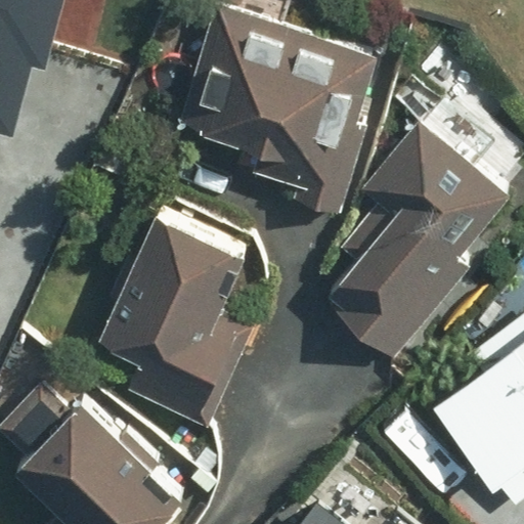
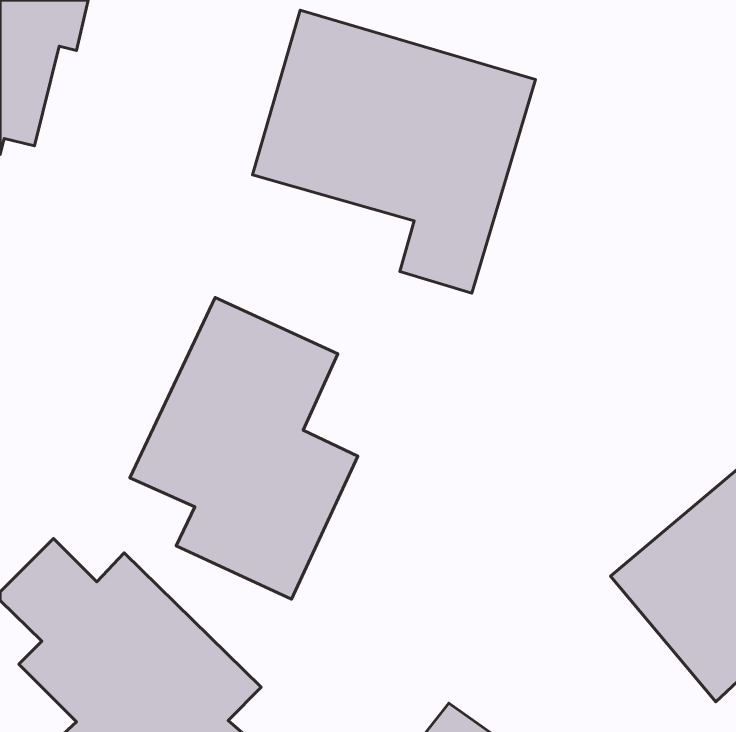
building: [320,126,504,357] -> none

